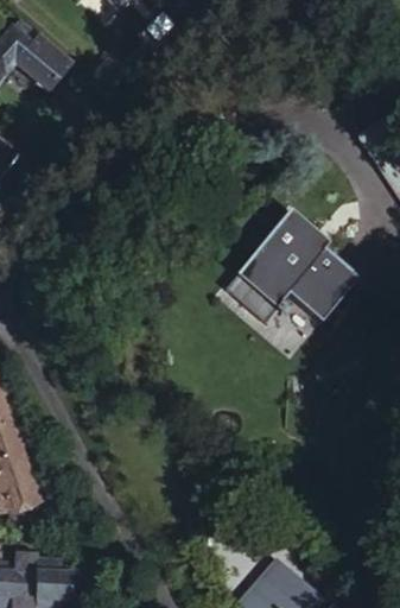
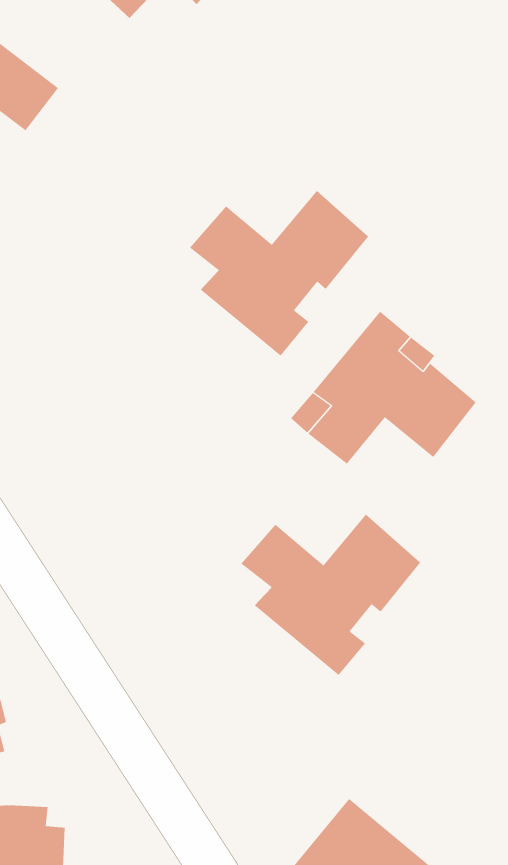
building: none -> [189,190,369,356]
building: none -> [241,514,421,676]

